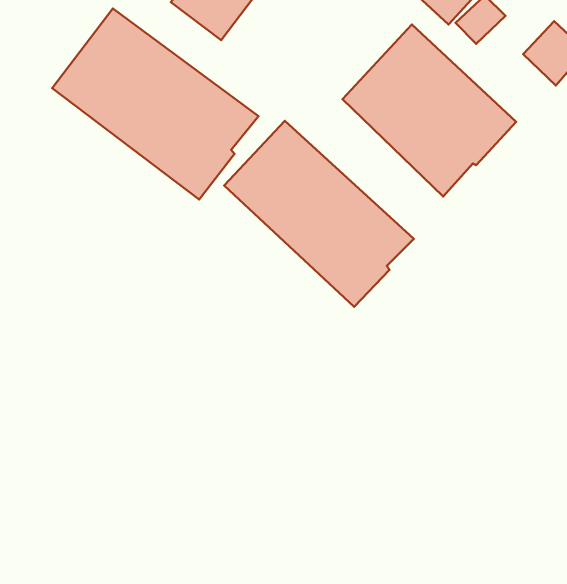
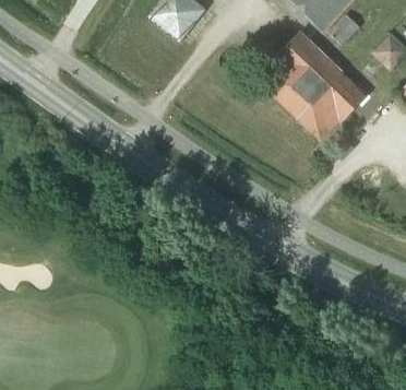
building: [52,9,259,200] -> none
building: [224,121,414,307] -> none

